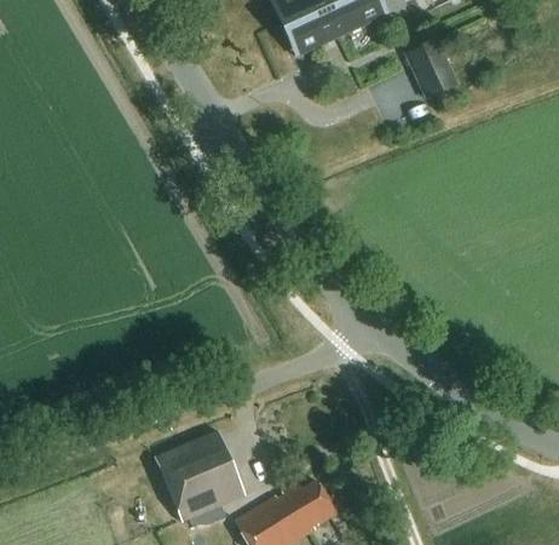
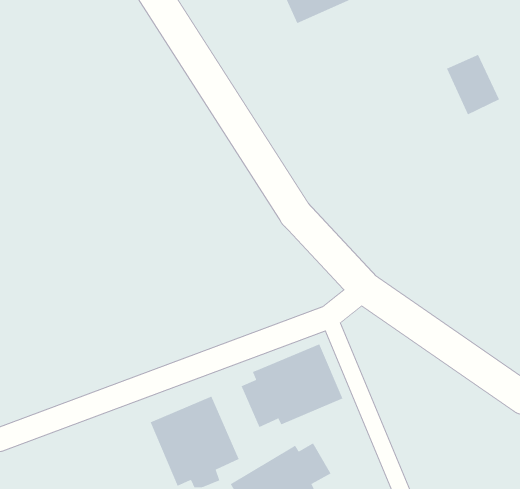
building: [403,38,457,99] -> [446,54,500,115]
building: none -> [241,344,343,428]

